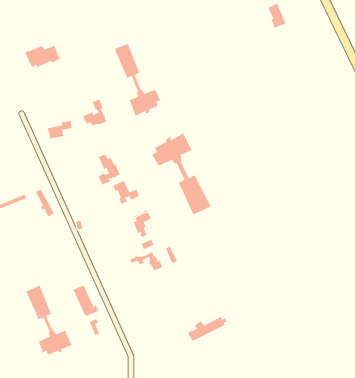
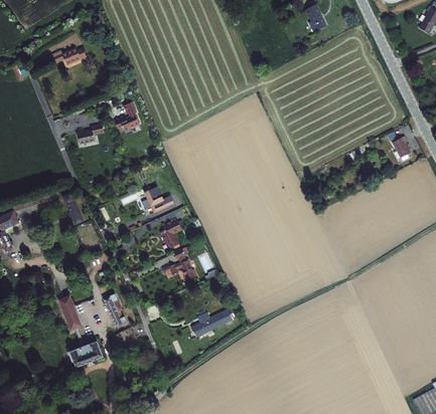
building: [114,43,161,116] -> none
building: [151,133,211,215] -> none
building: [98,154,121,186] -> none
building: [187,316,227,342] -> [191,309,233,336]

